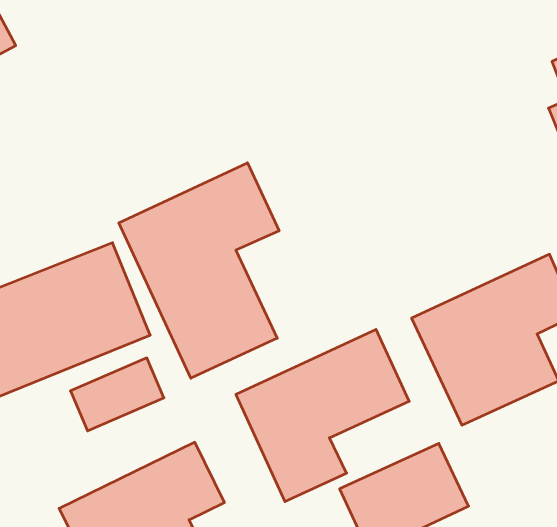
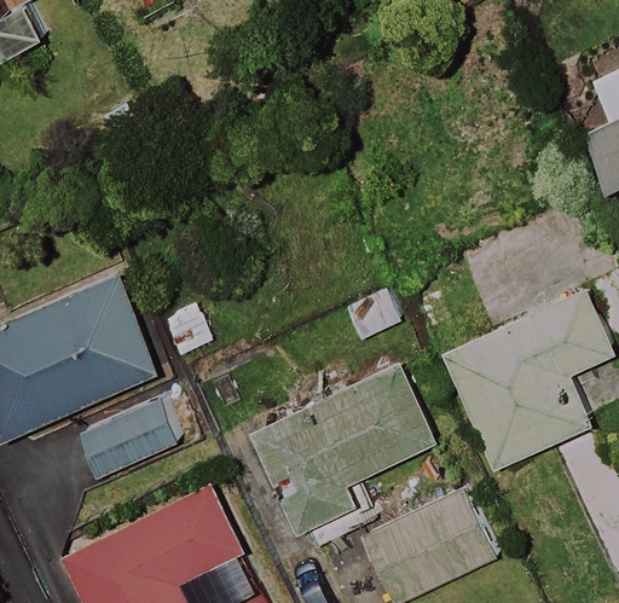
building: [119,163,279,378] -> none

